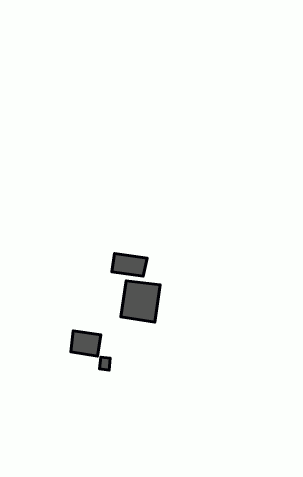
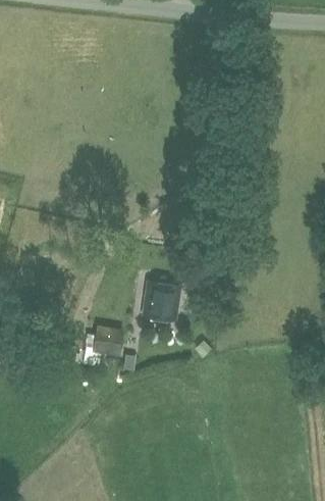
building: [112,254,147,276] -> none

